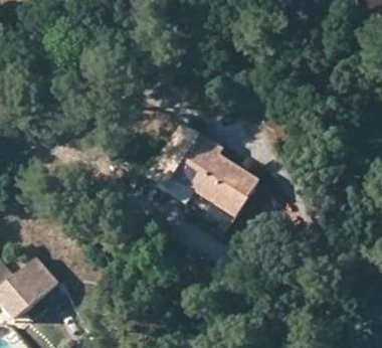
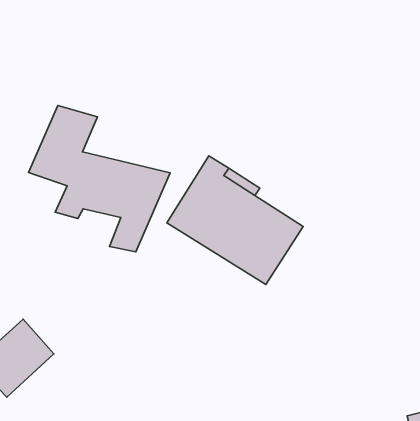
building: none -> [28,105,170,252]

